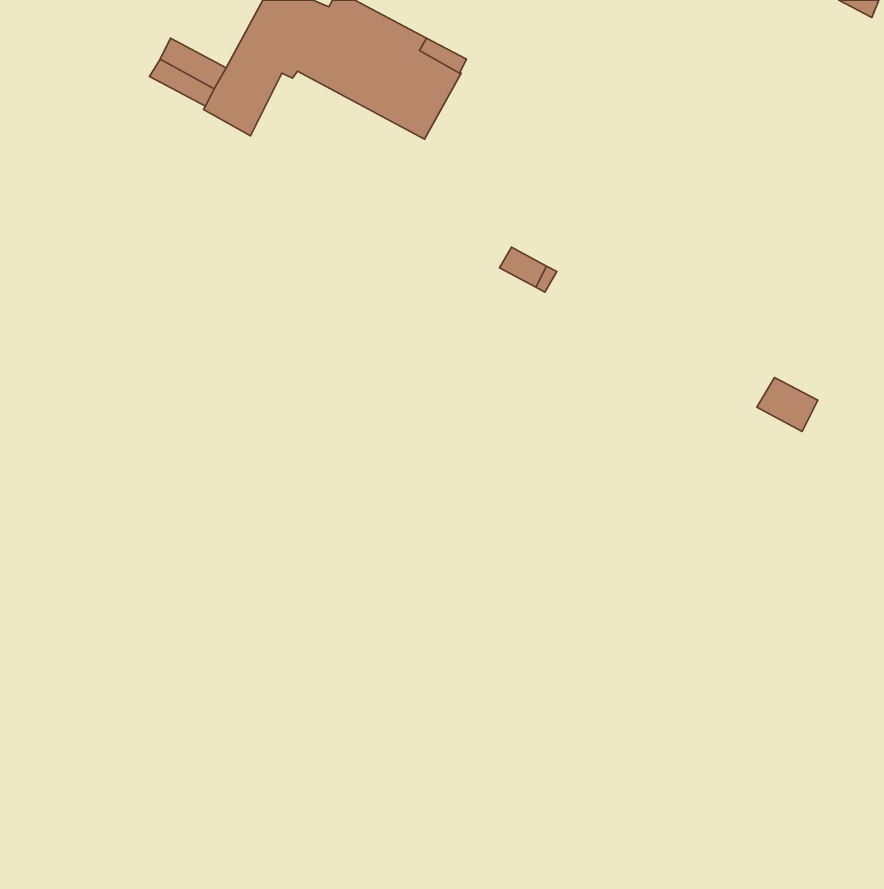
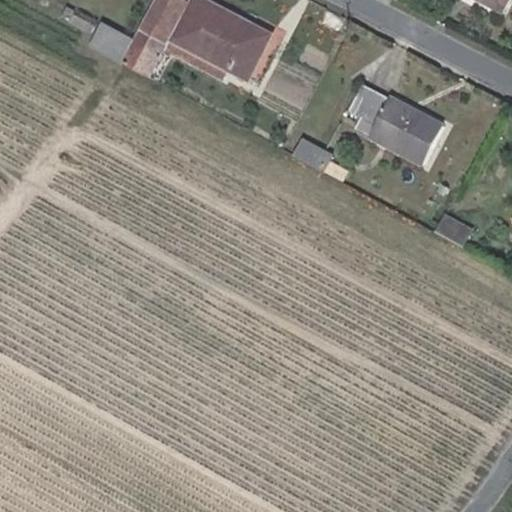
building: none -> [349,83,445,165]

